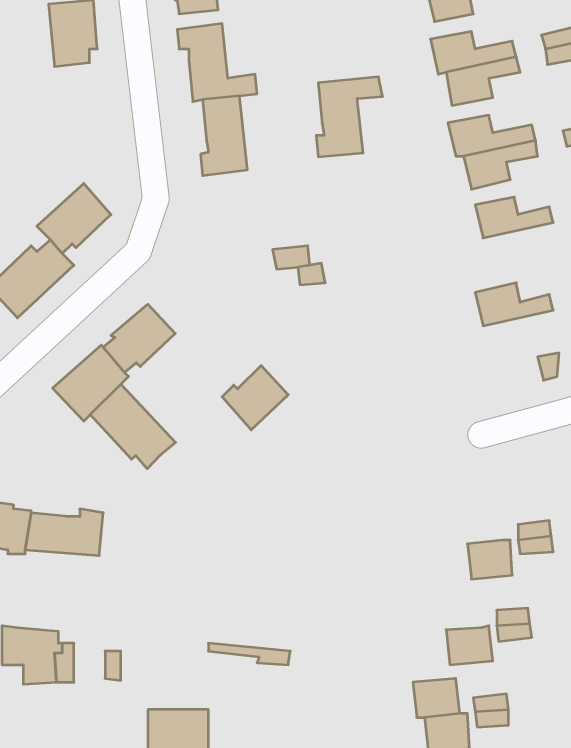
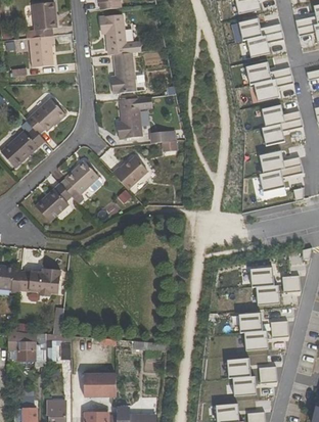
building: none -> [31,34,57,66]
building: [316,77,383,157] -> [120,96,154,138]
building: none -> [258,118,301,145]
building: none -> [258,163,301,190]
building: [222,366,288,430] -> [115,155,149,189]
building: [90,384,176,469] -> none
building: none -> [247,266,272,286]
building: none -> [236,312,261,332]

